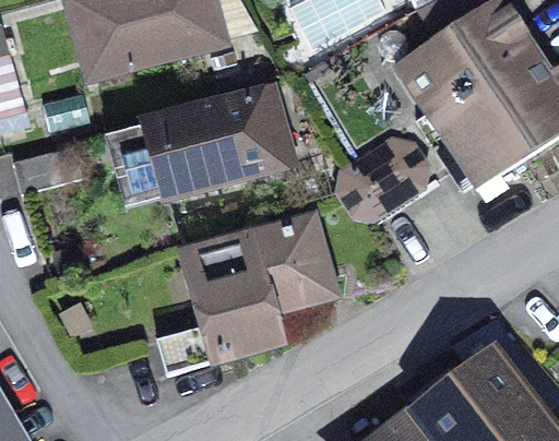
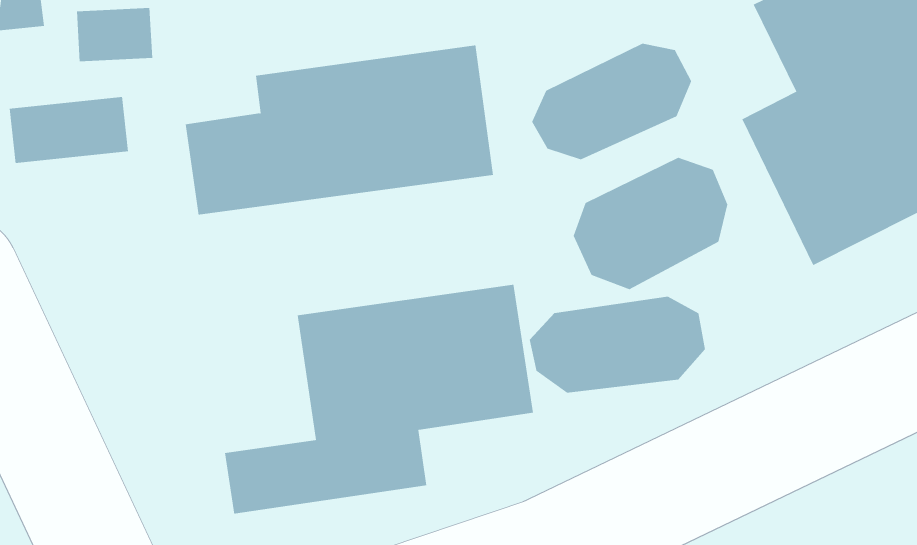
building: none -> [531,43,692,160]
building: none -> [529,296,705,393]

